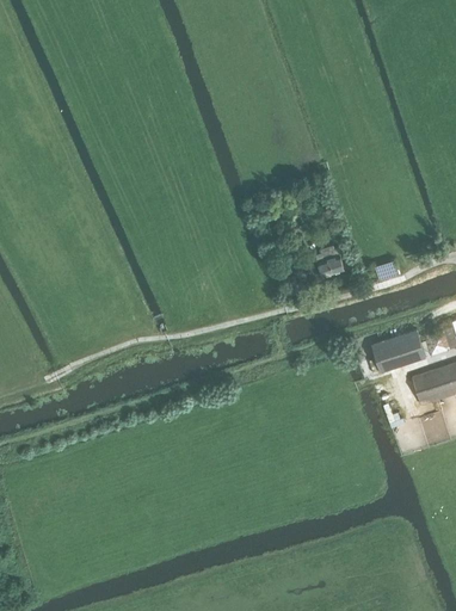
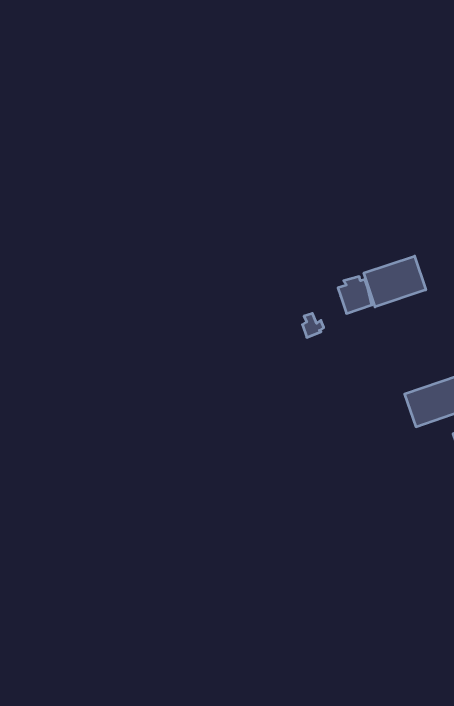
building: none -> [364,256,426,307]

